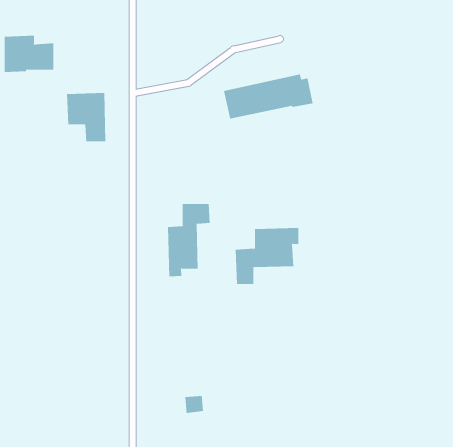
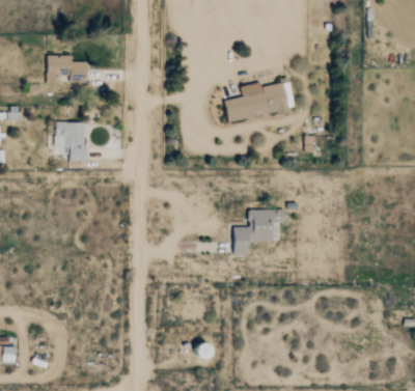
building: [66,93,106,142] -> [54,121,86,161]
building: [167,203,210,277] -> none

